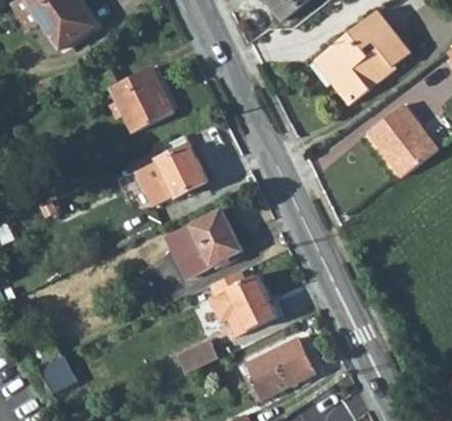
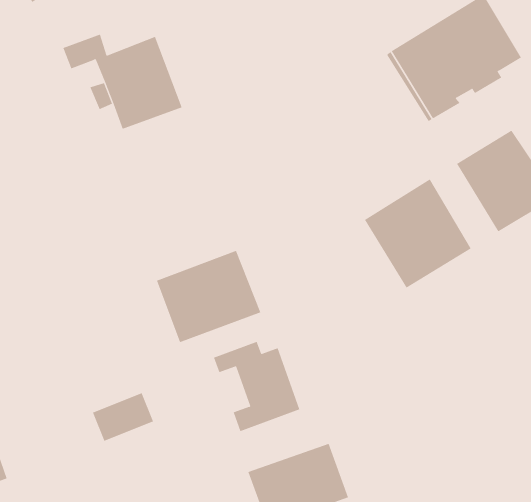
building: [141,143,208,196] -> none
building: none -> [364,179,472,289]
building: [174,338,218,375] -> [92,392,154,442]

